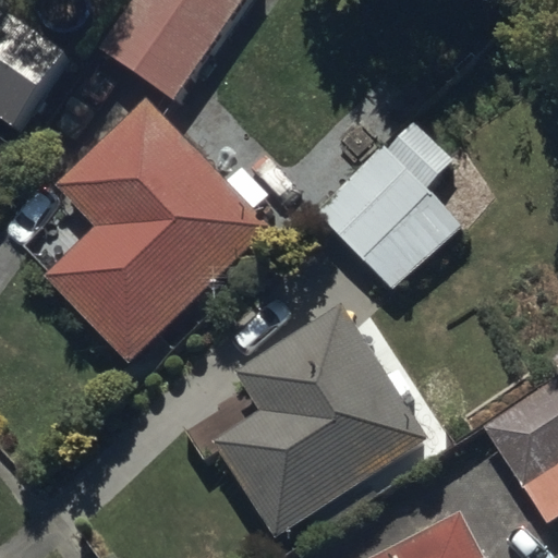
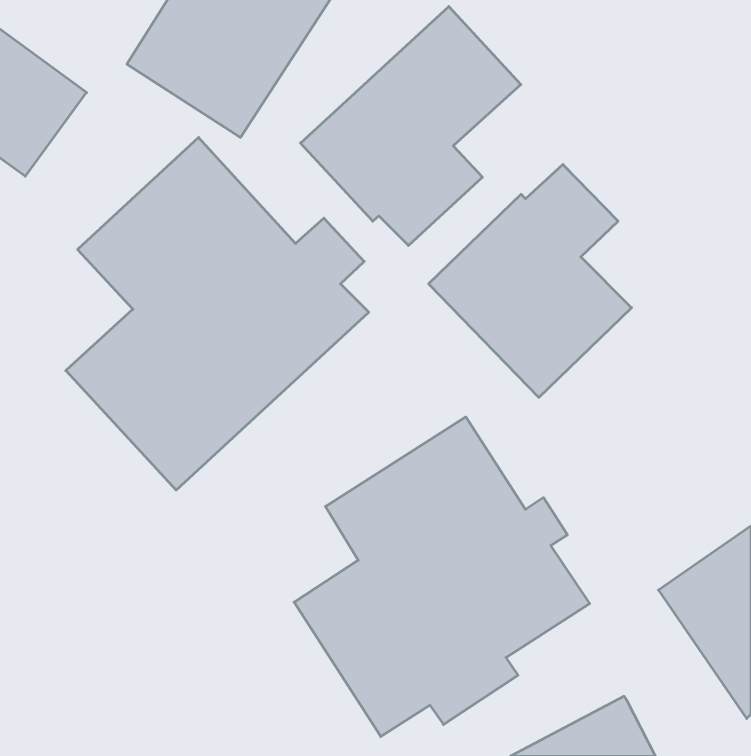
building: none -> [300,6,521,246]

